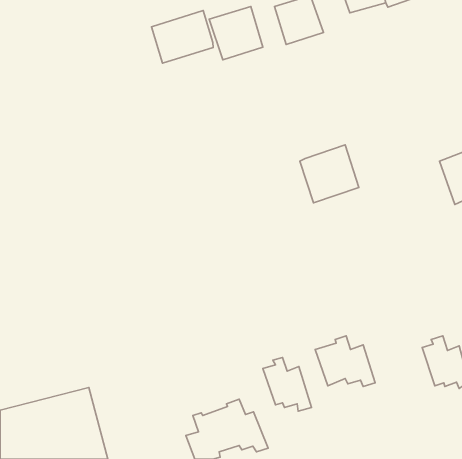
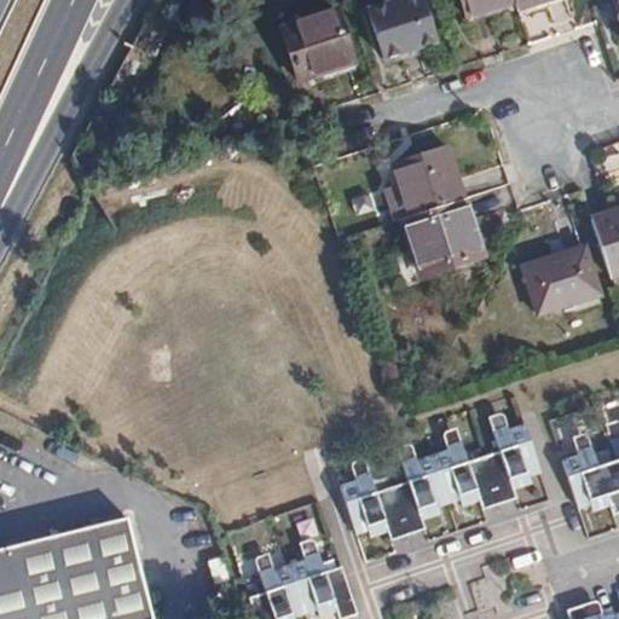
building: [152,10,213,63] -> none
building: none -> [391,143,462,212]
building: none -> [522,243,594,308]
building: none -> [486,432,544,511]
building: none -> [400,467,442,544]

